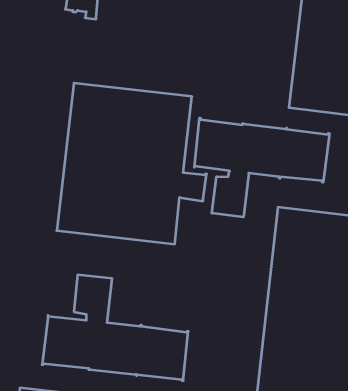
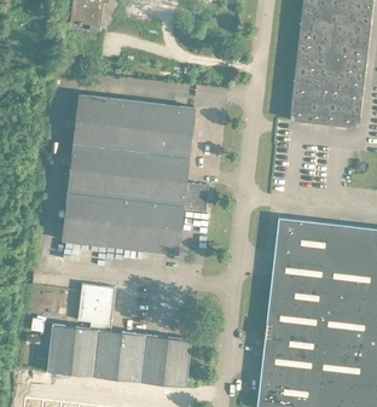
building: [194,118,329,217] -> none

